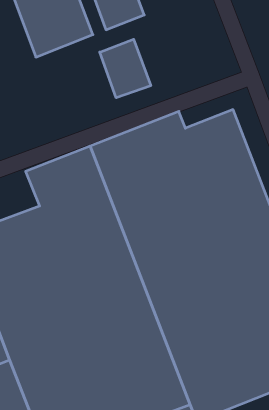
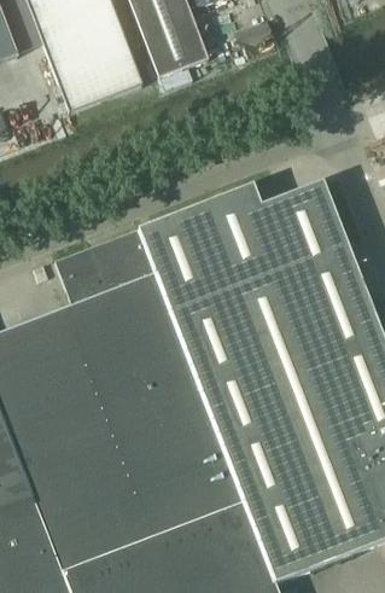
building: [100,39,151,98] -> none

